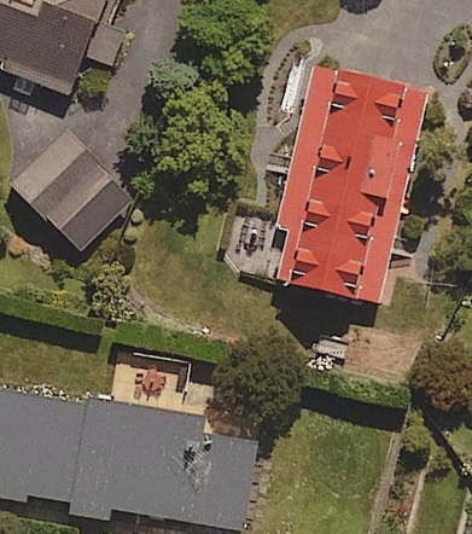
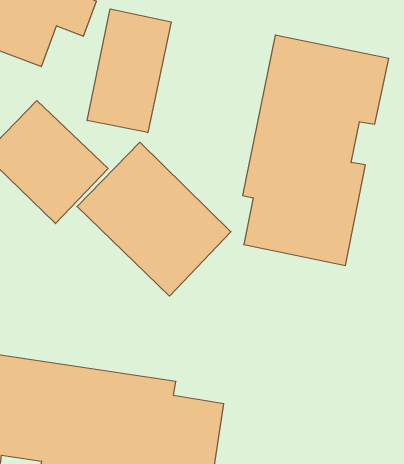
building: none -> [87,9,171,133]
building: none -> [77,142,231,296]

